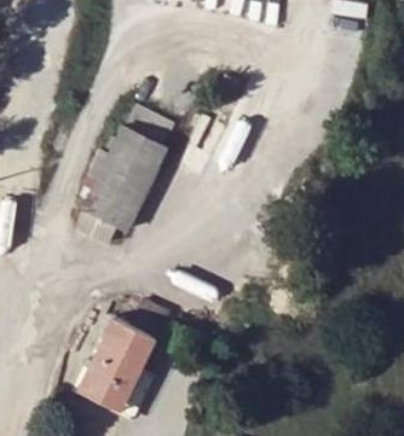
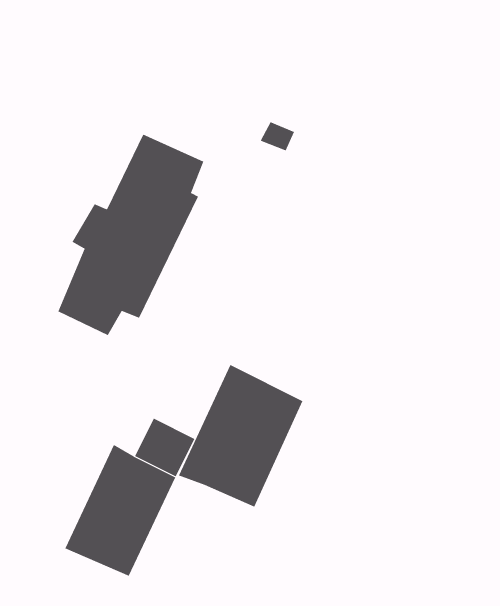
building: none -> [178,364,303,507]

